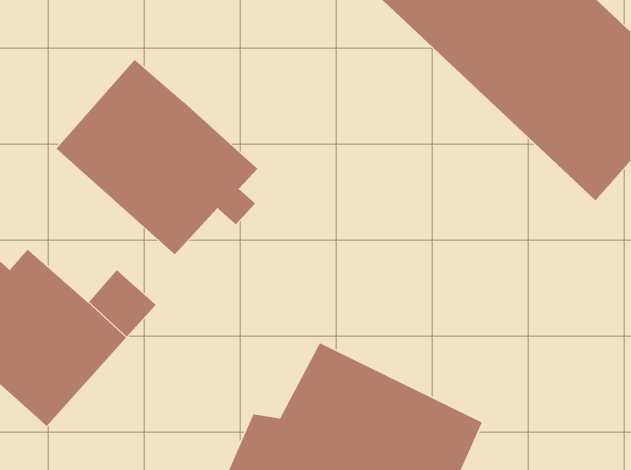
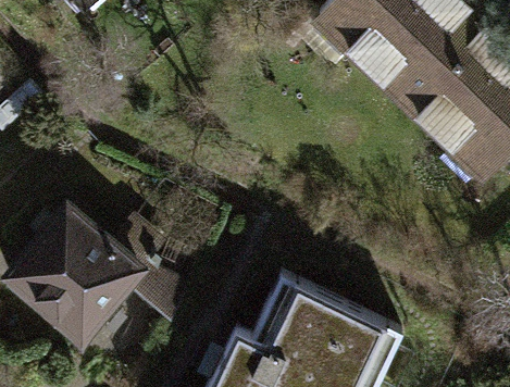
building: [56,59,258,255] -> none

